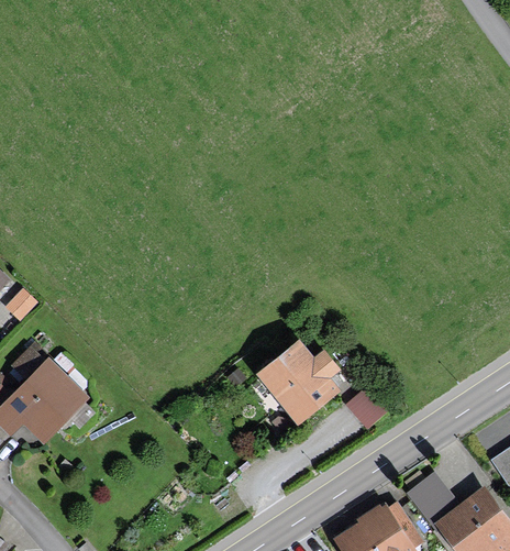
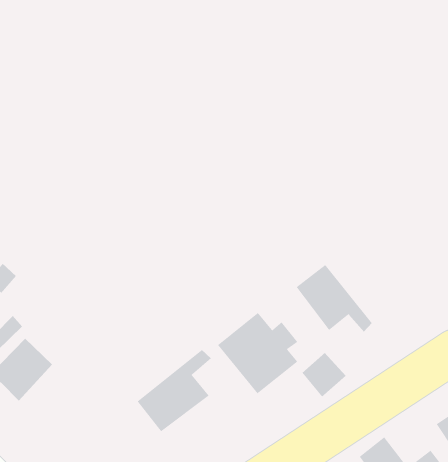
building: none -> [296,264,373,333]
building: none -> [137,349,212,432]

